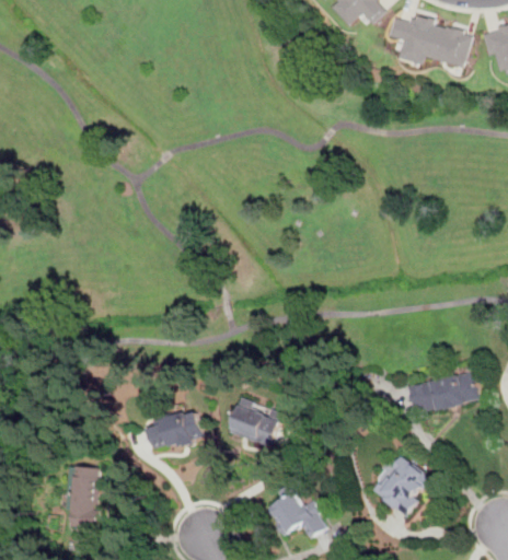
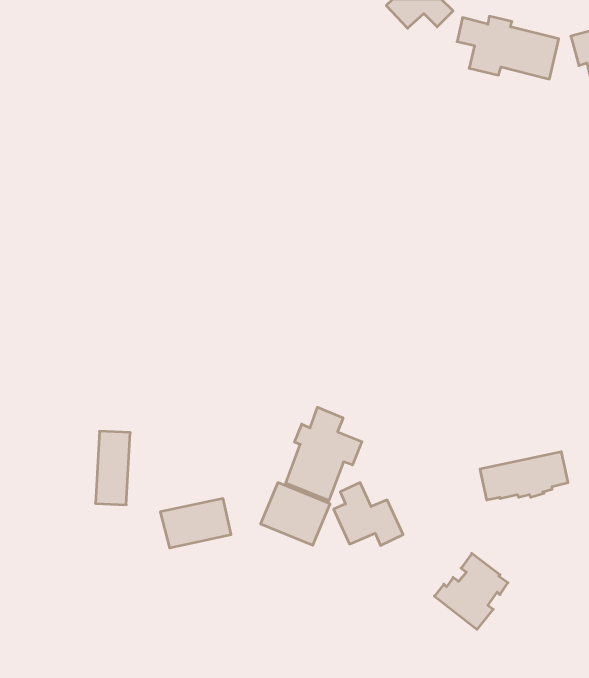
building: none -> [286,407,362,501]
building: [71,466,100,526] -> [95,431,130,505]
building: [269,485,326,536] -> [334,483,403,545]

